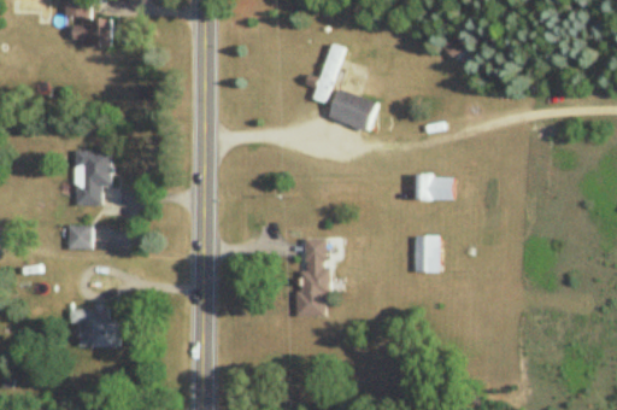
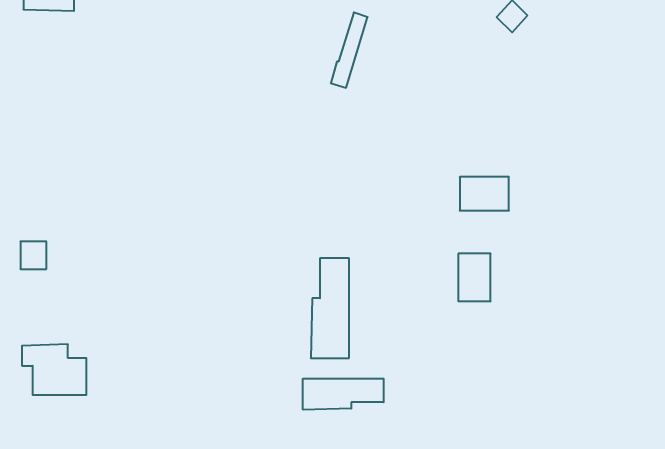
building: [329,89,377,131] -> none
building: [75,151,111,205] -> none
building: none -> [303,379,384,410]

